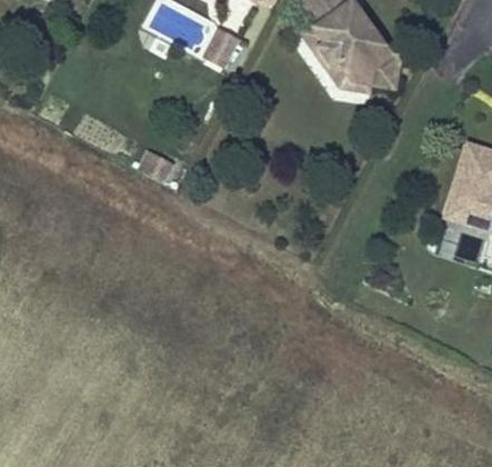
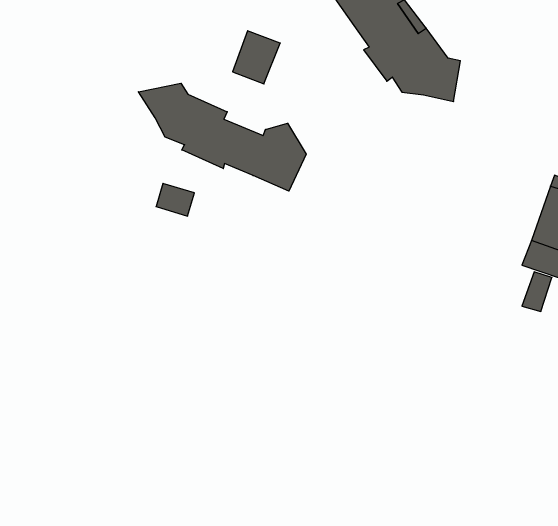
building: [299,23,365,90] -> none
building: none -> [138,83,306,191]

